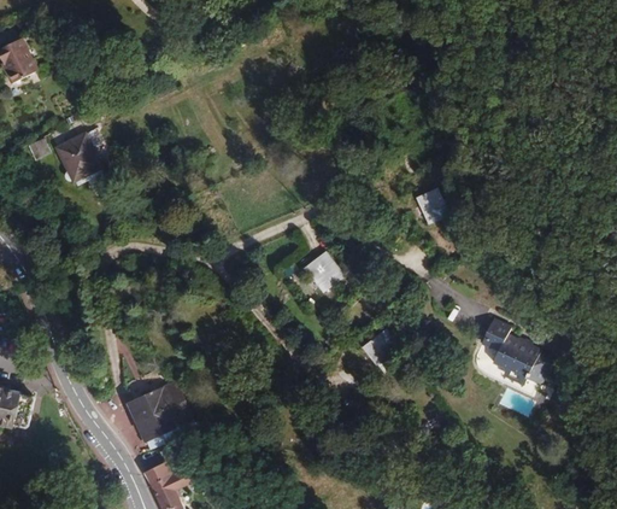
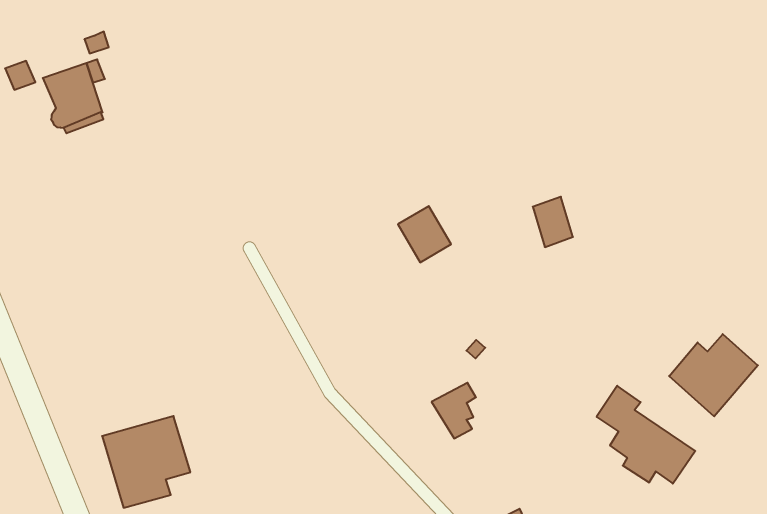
building: [304,252,343,293] -> [398,206,451,262]
building: none -> [669,334,758,416]

